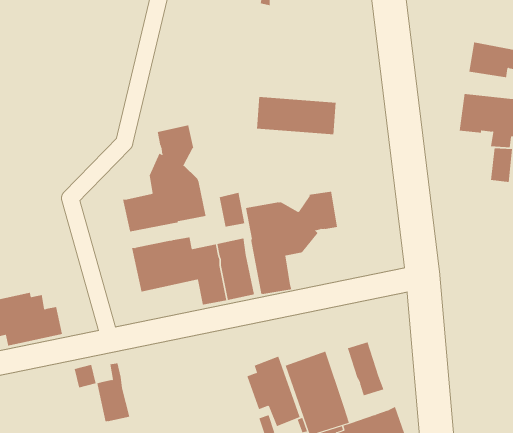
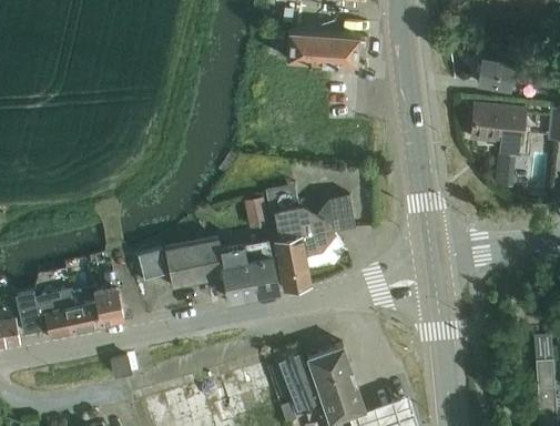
building: [256,96,337,135] -> [286,30,360,65]
building: [123,124,206,232] -> none
building: none -> [133,247,169,284]
building: [347,341,384,396] -> none
building: [96,363,130,422] -> [93,273,124,327]

